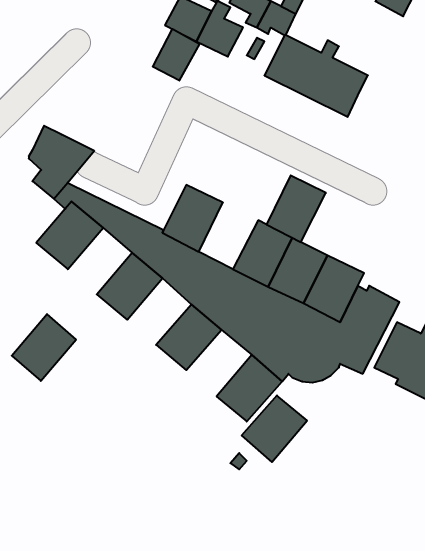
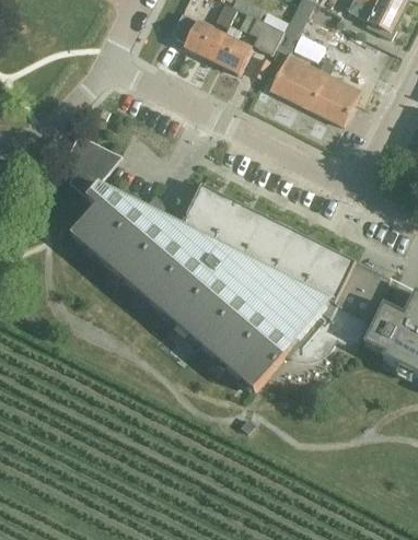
building: [153,29,200,81] -> none
building: [267,175,326,242] -> [212,200,264,258]
building: none -> [150,266,206,324]
building: [12,314,76,381] -> [98,222,154,280]
building: [242,395,307,462] -> [201,310,258,368]

